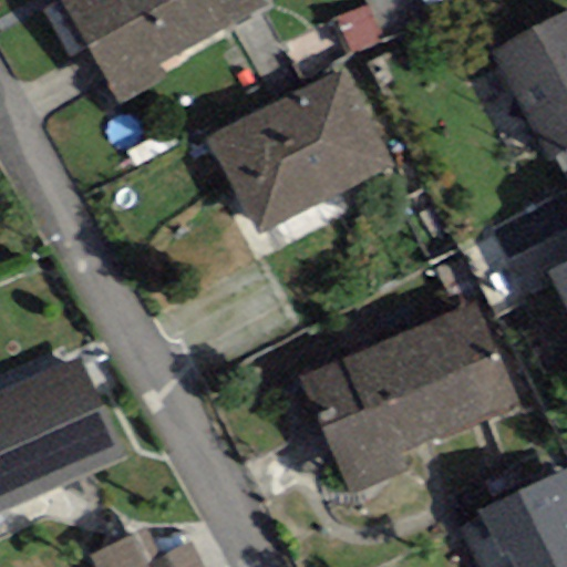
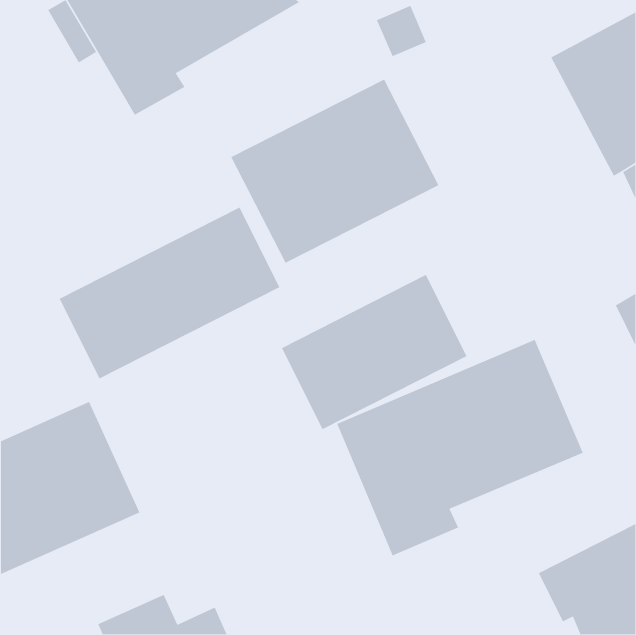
building: none -> [59,207,280,380]
building: none -> [281,274,468,430]

